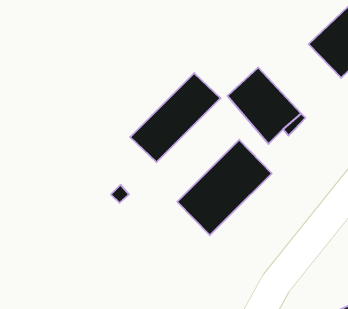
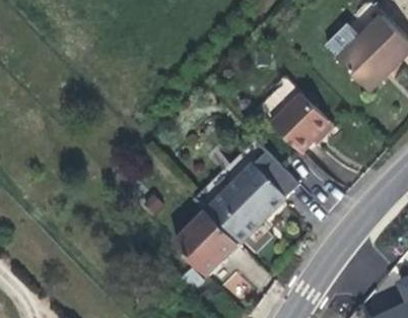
building: [130,73,221,162] -> none
building: none -> [176,211,241,275]

